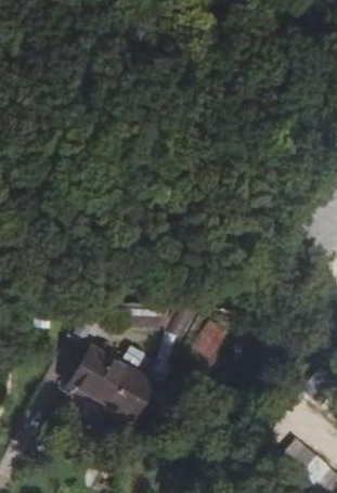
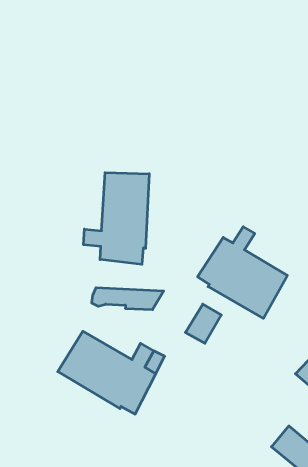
building: none -> [84,173,149,264]
building: none -> [198,227,287,318]

